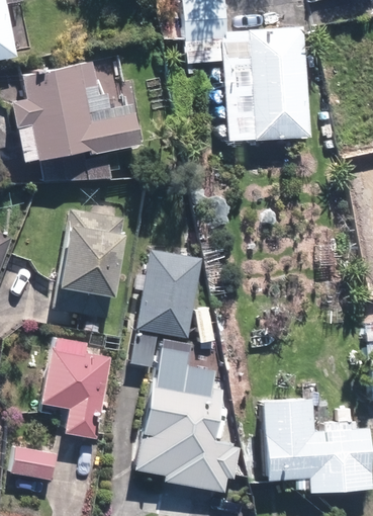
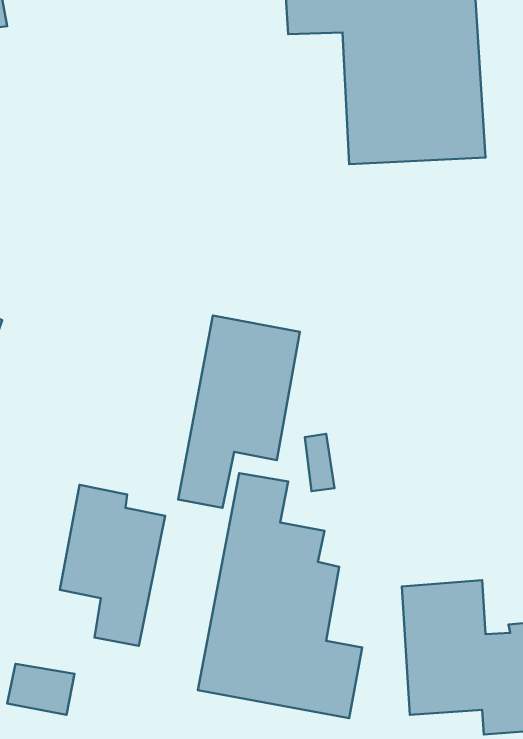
building: [18,61,146,182] -> none
building: [57,209,130,318] -> none

